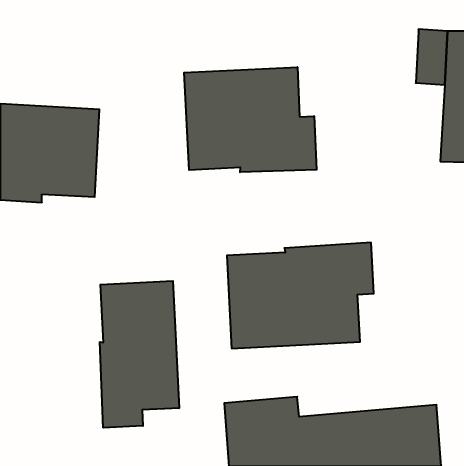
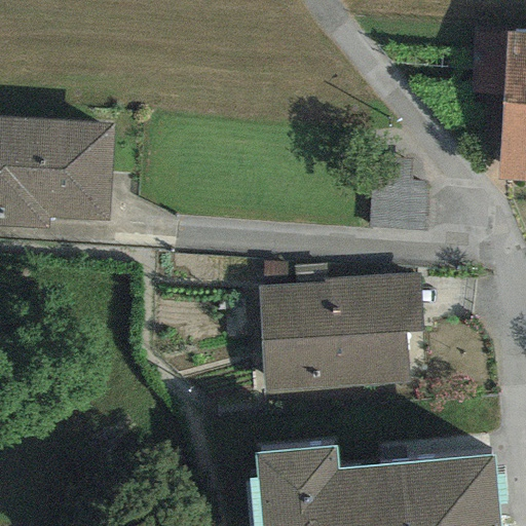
building: [184,67,317,172] -> none
building: [100,281,179,428] -> none

